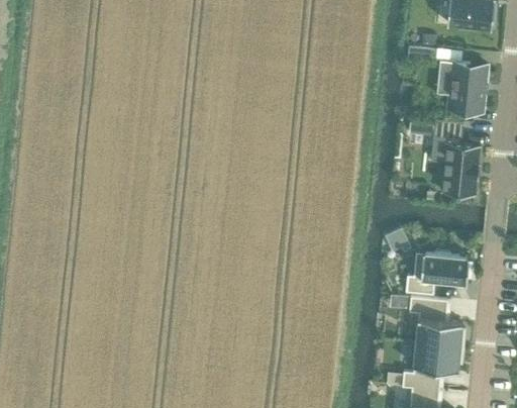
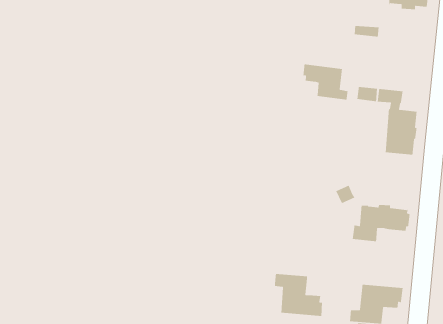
building: [446,63,487,113] -> none
building: none -> [302,63,349,101]
building: [408,298,463,347] -> [274,273,323,317]

